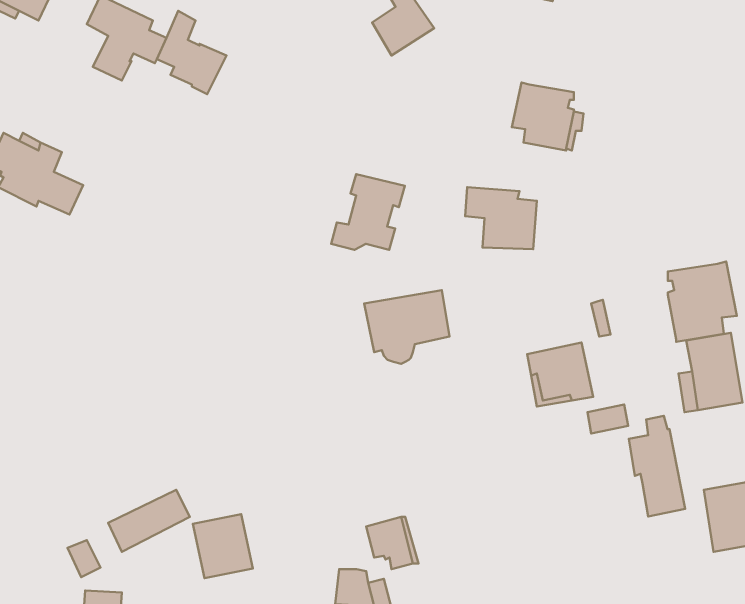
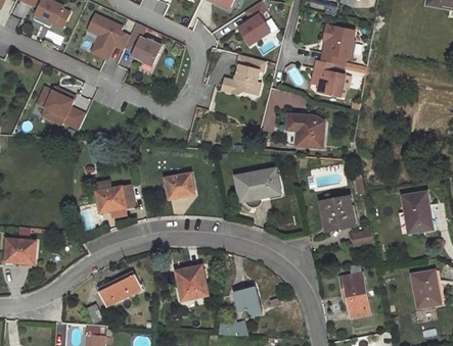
building: none -> [320,24,354,65]
building: [331,174,405,250] -> [225,54,264,94]
building: [668,262,737,342] -> none
building: none -> [164,172,193,199]
building: none -> [94,180,133,216]
building: [629,416,685,517] -> [339,264,369,317]
building: [193,514,253,578] -> [175,265,207,299]

